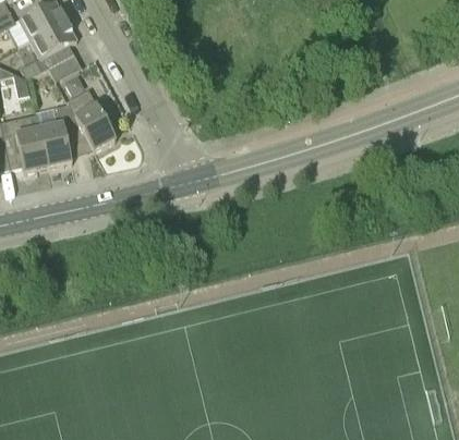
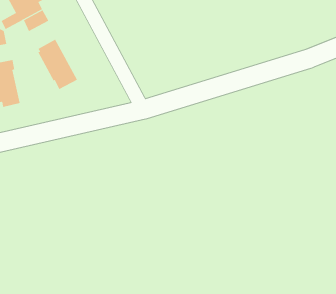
building: [36,105,85,167] -> none

